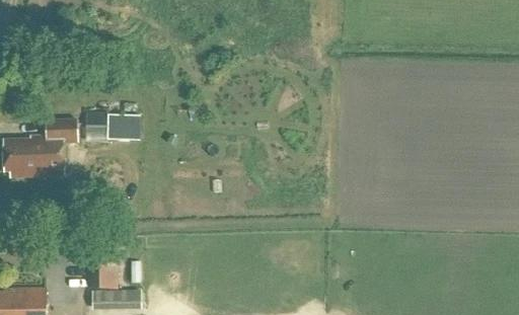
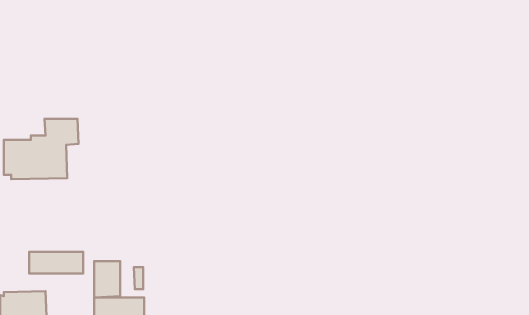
building: [85,114,140,145] -> none
building: none -> [29,252,83,274]

